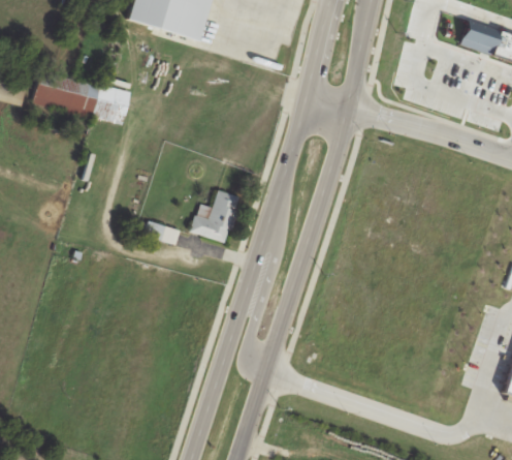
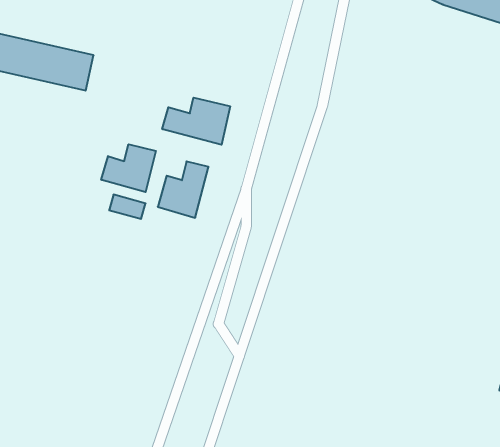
building: none -> [162,98,230,145]
building: none -> [101,144,156,192]

